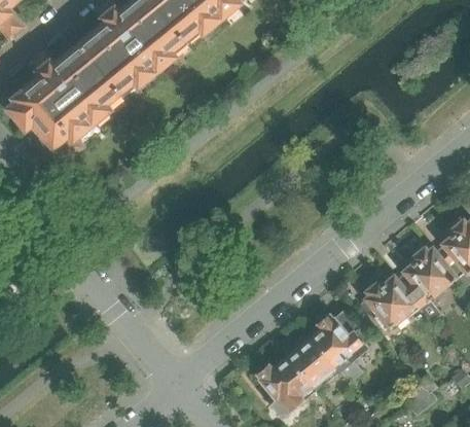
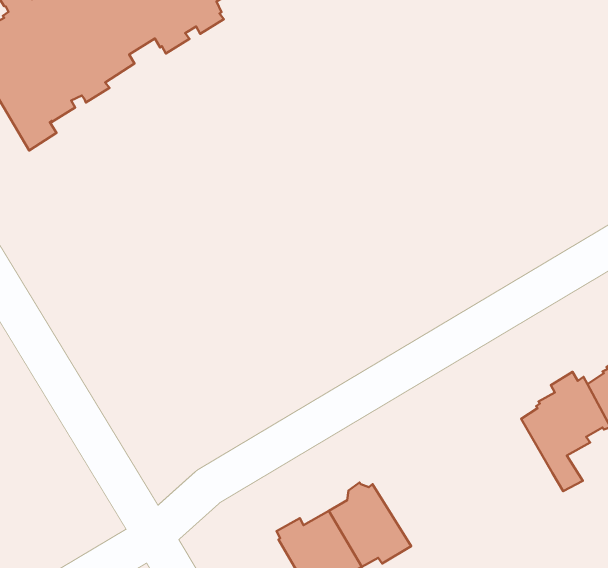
building: [359,278,421,333] -> none
building: [310,310,366,379] -> none

